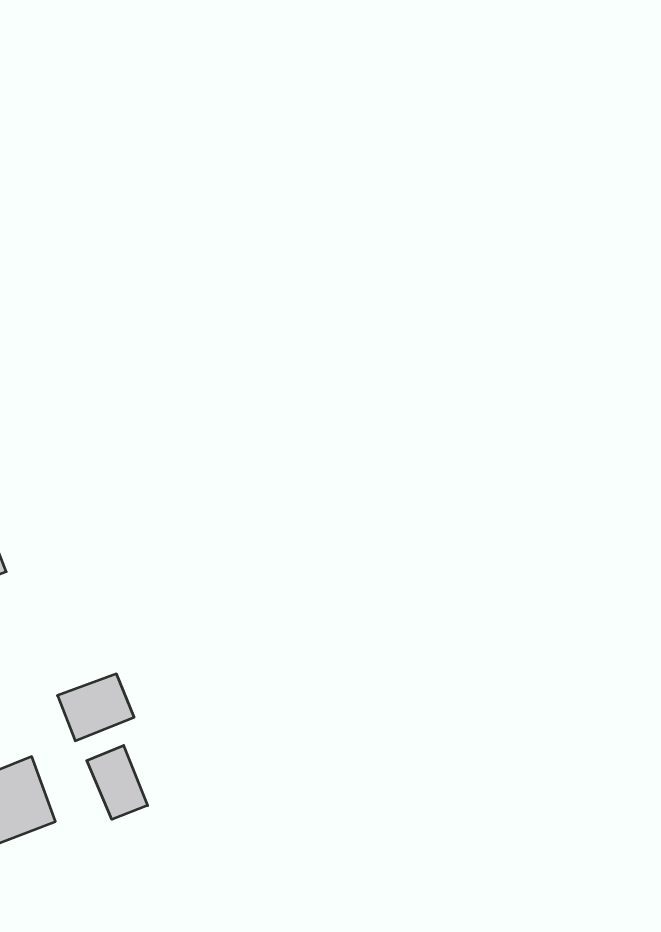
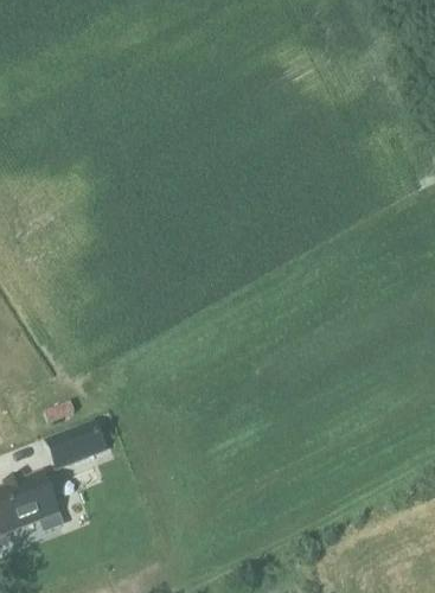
building: [87,745,148,819] -> none

